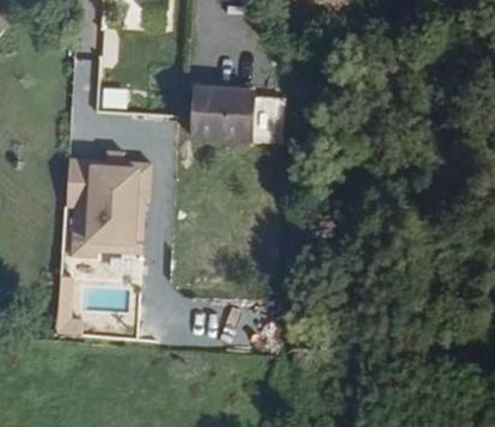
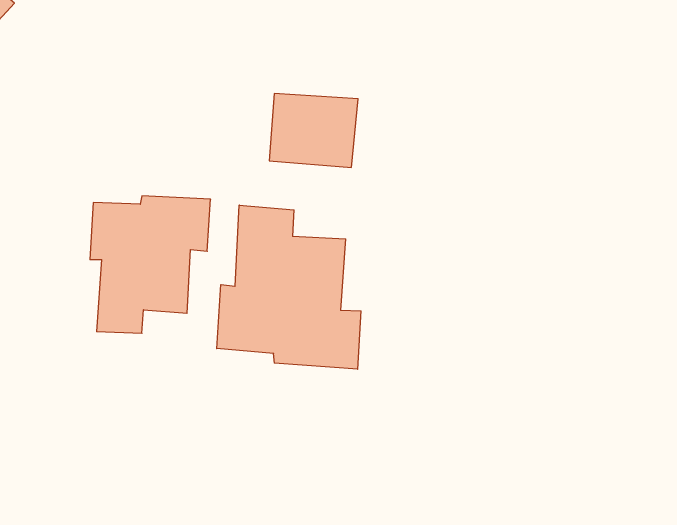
building: none -> [217,205,361,369]

